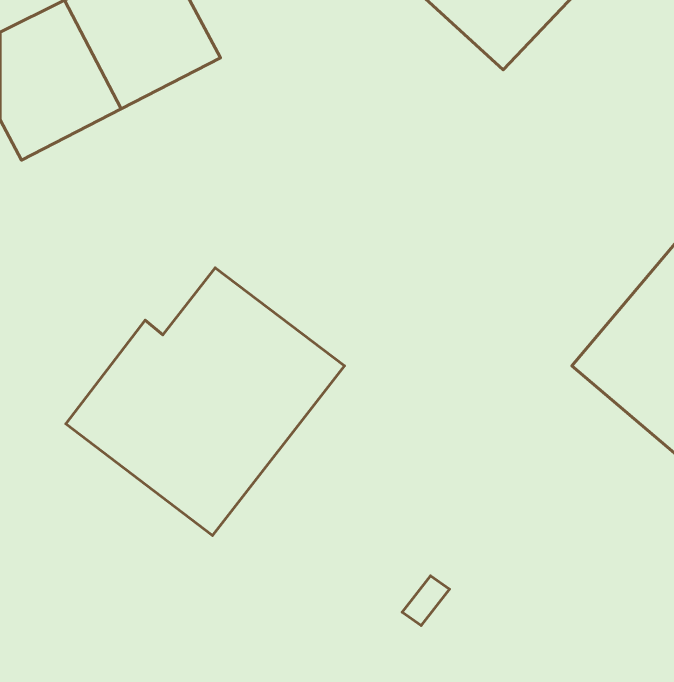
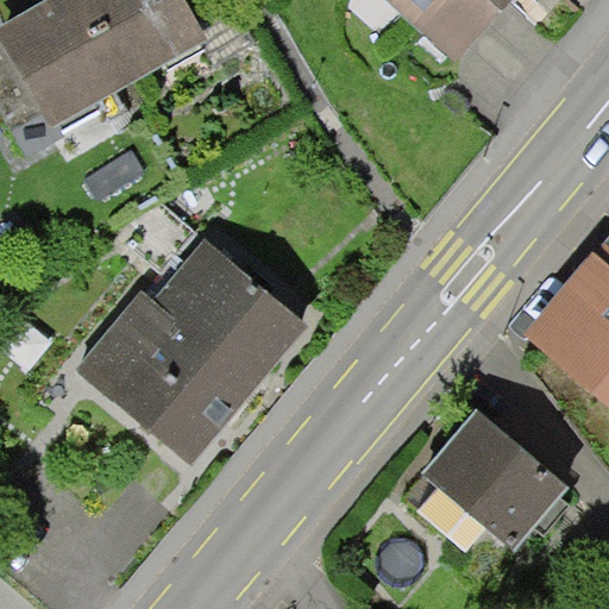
building: none -> [410,390,572,546]

